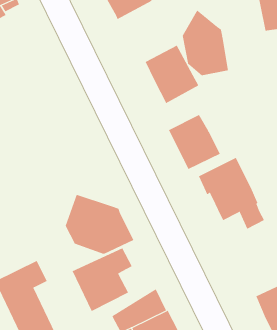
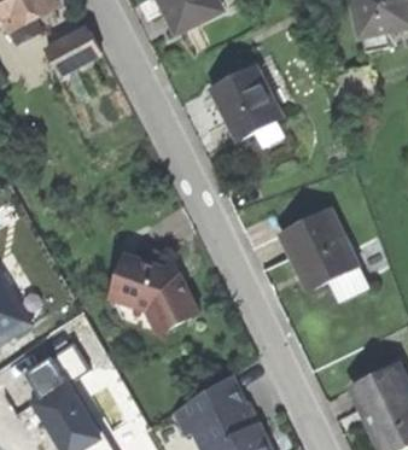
building: [182,10,228,76] -> none
building: none -> [46,29,98,72]
building: [168,114,221,170] -> none
building: [72,247,132,312] -> none

